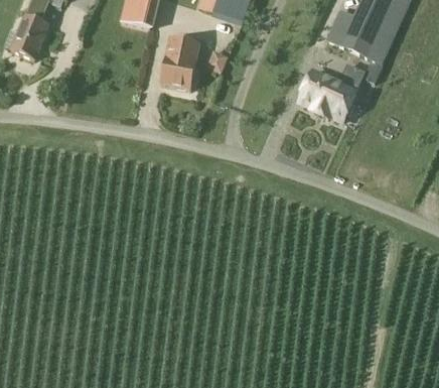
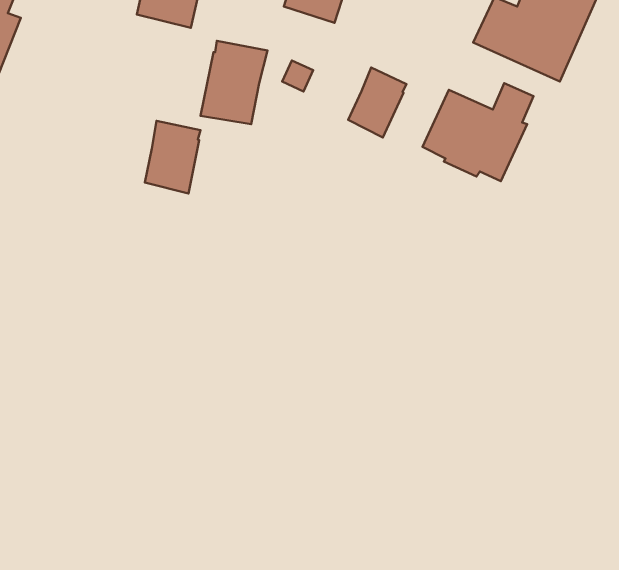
building: none -> [348,68,406,138]
building: none -> [145,121,200,193]

